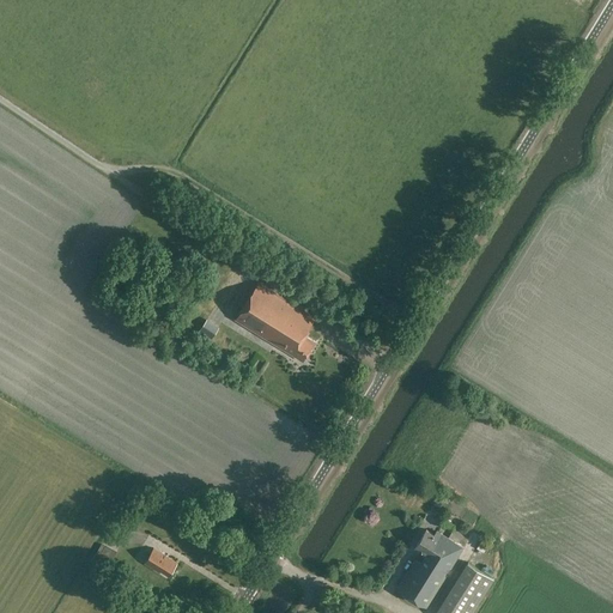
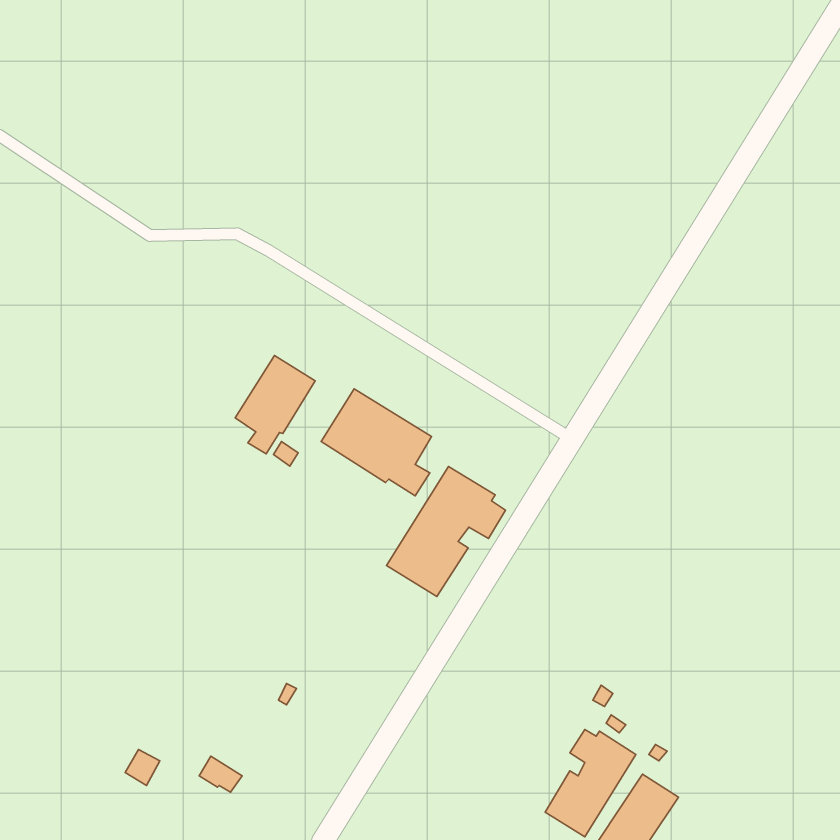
building: none -> [235,355,315,454]
building: none -> [387,466,505,597]

